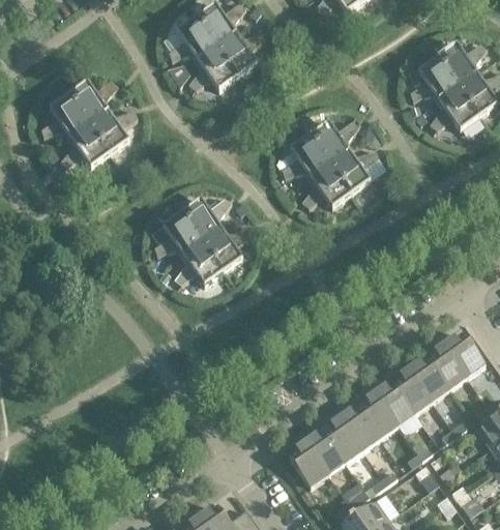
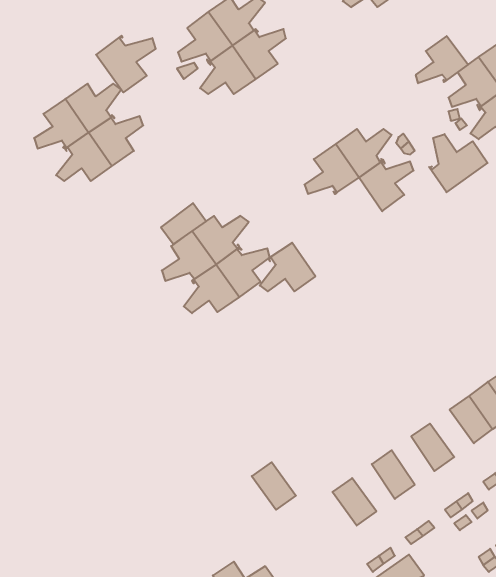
building: none -> [96,36,156,92]
building: none -> [416,36,468,83]
building: none -> [429,134,488,192]
building: [301,164,351,207] -> [260,243,315,291]
building: none -> [161,203,206,244]
building: [393,371,433,413] -> none
building: [359,394,398,438] -> none
building: [324,419,362,462] -> none
building: [289,444,328,487] -> [252,462,296,510]

